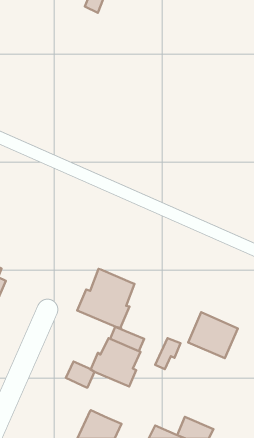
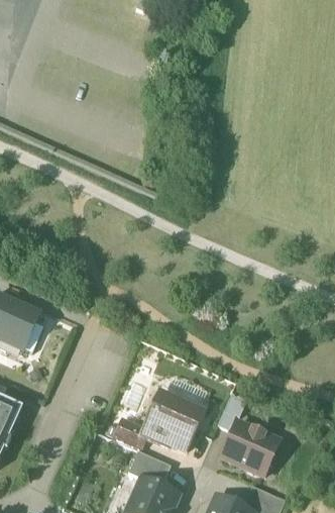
building: [77,269,135,328] -> none
building: [188,312,238,358] -> [220,422,277,476]
building: none -> [126,451,170,487]

